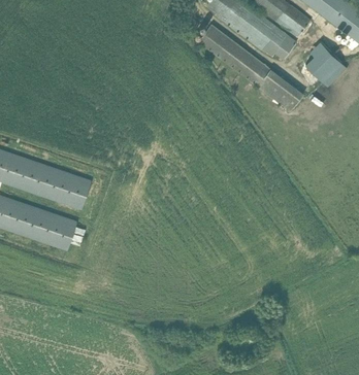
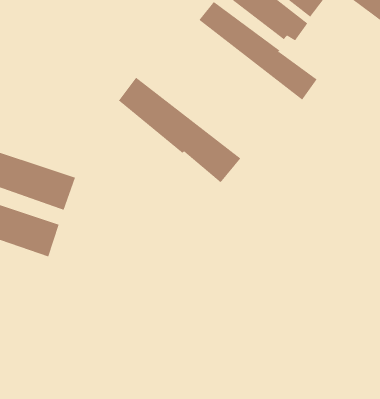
building: [307,38,349,86] -> none
building: none -> [118,77,241,183]

